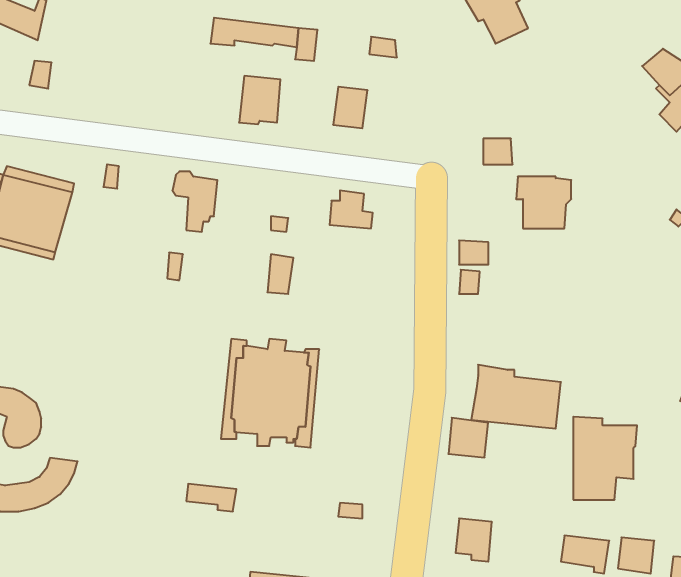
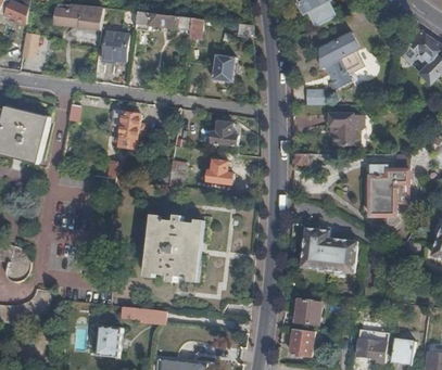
building: none -> [55,7,104,30]
building: none -> [317,33,364,85]
building: [239,76,280,124] -> [102,33,128,63]
building: none -> [209,160,235,183]
building: [573,417,637,500] -> [369,163,409,215]
building: [448,418,488,457] -> [295,297,320,322]
building: none -> [96,324,121,356]

